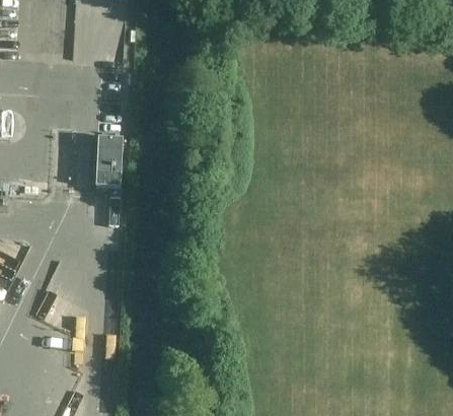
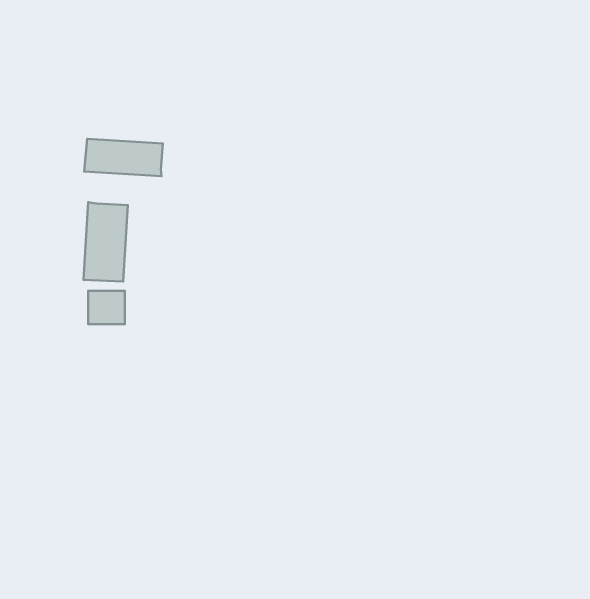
building: none -> [84,139,163,176]

